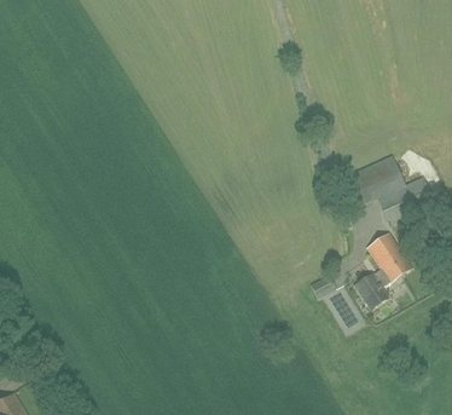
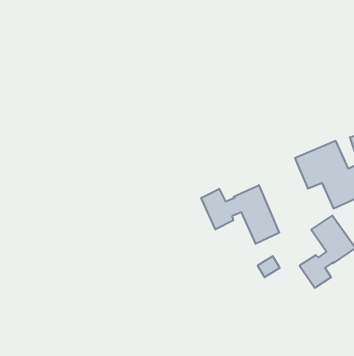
building: none -> [201,185,279,244]

